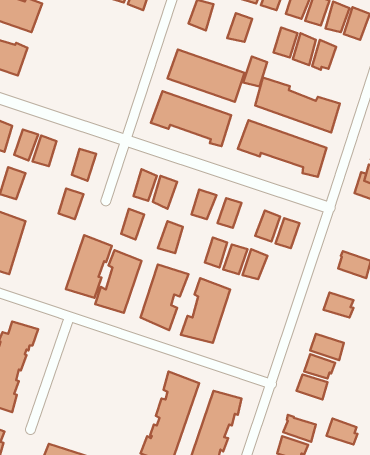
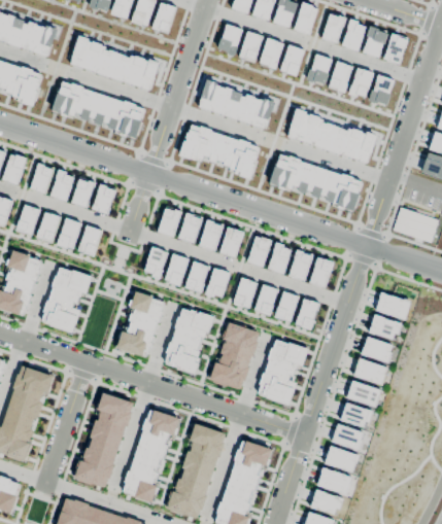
building: none -> [237,30,262,62]
building: none -> [70,37,160,92]
building: none -> [368,74,394,106]
building: none -> [50,79,147,141]
building: [243,57,267,86] -> [278,42,304,74]
building: none -> [70,174,95,209]
building: none -> [35,210,60,242]
building: none -> [56,217,82,250]
building: none -> [199,217,223,251]
building: none -> [266,241,292,275]
building: none -> [163,253,191,287]
building: none -> [204,267,231,300]
building: [66,235,112,298] -> [41,265,91,331]
building: none -> [294,296,320,330]
building: none -> [368,314,402,340]
building: none -> [258,338,308,405]
building: none -> [353,357,386,385]
building: none -> [72,389,133,488]
building: none -> [122,408,180,504]
building: [327,419,357,445] -> [324,445,356,473]

